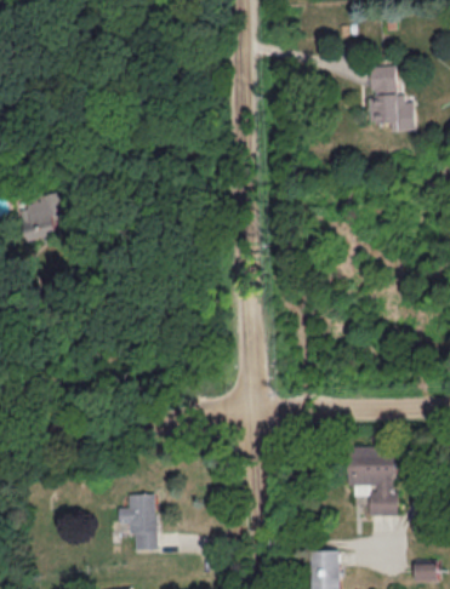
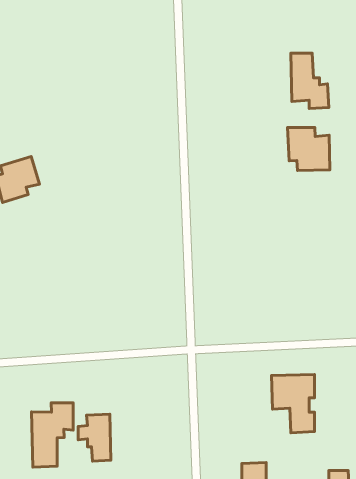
building: none -> [288,127,330,171]
building: none -> [32,403,73,467]

